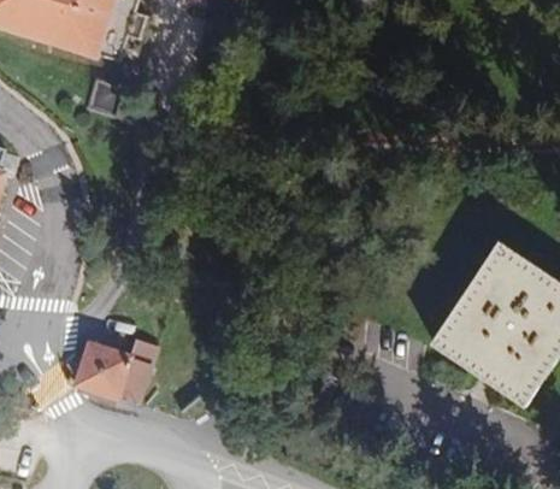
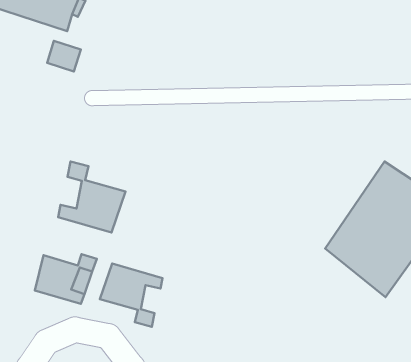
building: none -> [58,161,125,233]
building: none -> [100,263,163,327]

